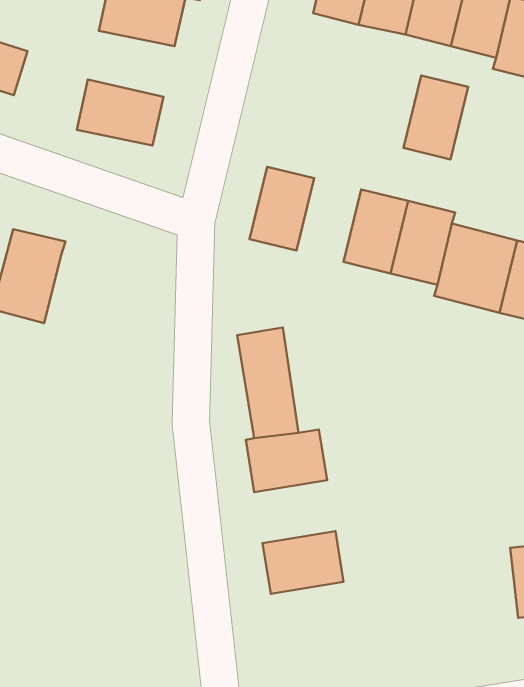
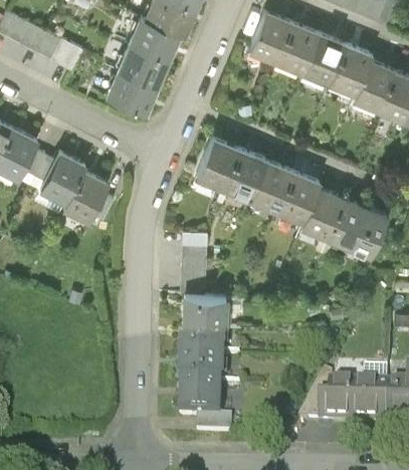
building: none -> [119,43,172,87]
building: [403,76,468,159] -> [223,149,266,200]
building: none -> [65,170,113,225]
building: none -> [176,324,219,355]
building: none -> [175,385,219,415]

